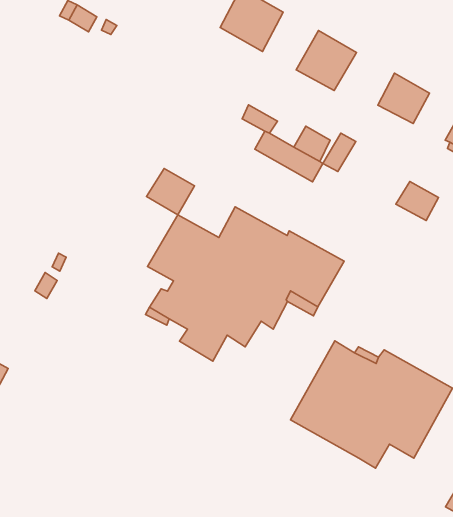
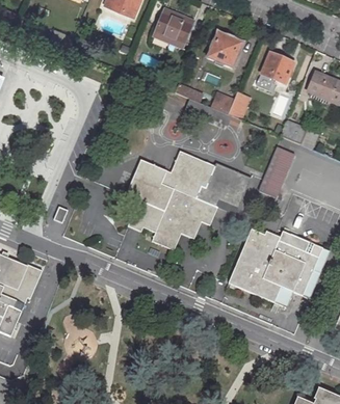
building: [147,168,195,215] -> none
building: none -> [258,146,294,197]

